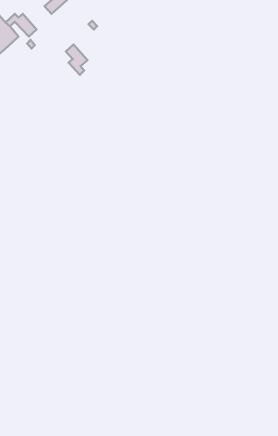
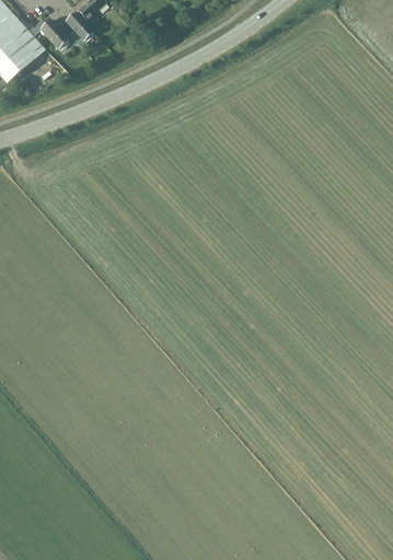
building: [66,44,87,75] -> [66,12,93,50]

